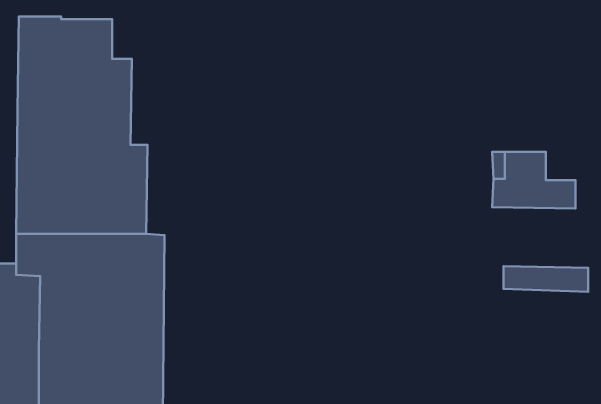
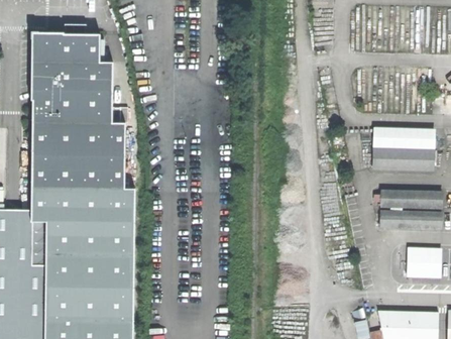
building: none -> [409,130,430,150]
building: none -> [371,192,439,209]
building: none -> [406,246,439,276]

